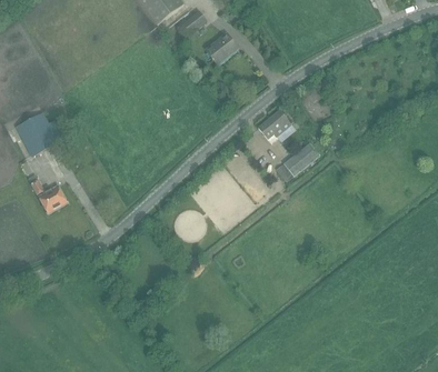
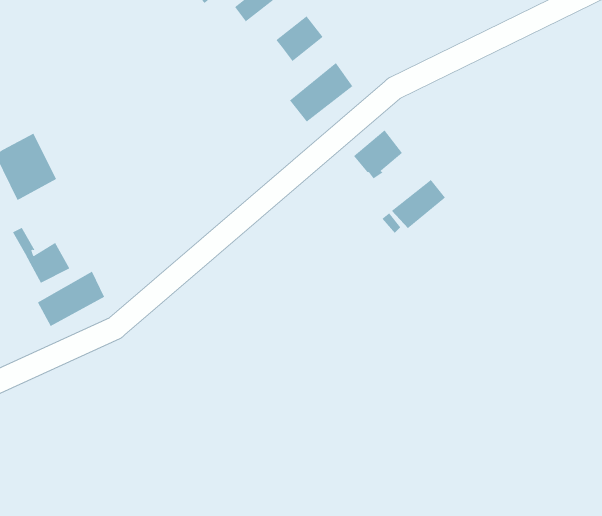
building: none -> [289,62,353,123]
building: none -> [37,271,105,327]

